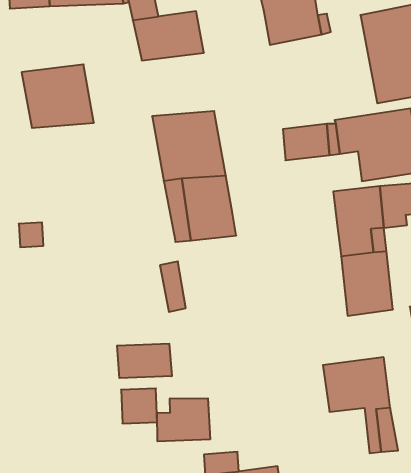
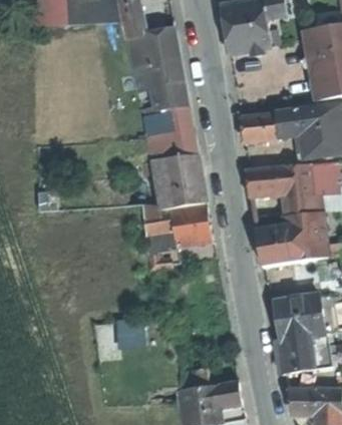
building: [22,64,94,128] -> [132,60,189,109]
building: none -> [247,167,284,197]
building: none -> [170,202,213,247]
building: none -> [256,228,292,268]
building: [117,344,172,378] -> none
building: [157,398,210,441] -> none
building: none -> [276,335,309,374]

